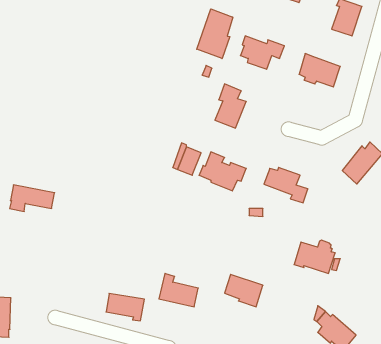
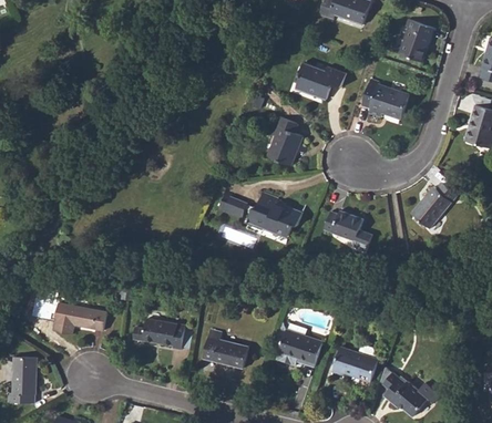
building: [197,9,233,59] -> none
building: [10,185,55,211] -> [55,303,106,333]
building: [294,240,335,273] -> [331,344,378,382]
building: [106,293,144,321] -> [143,318,186,349]

